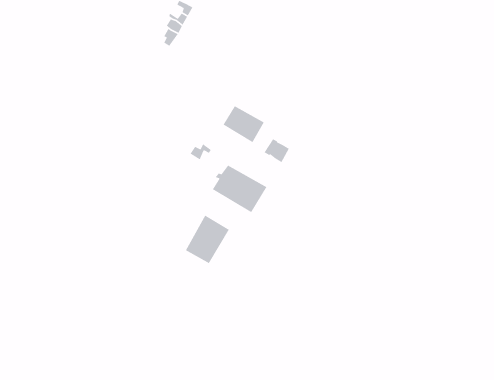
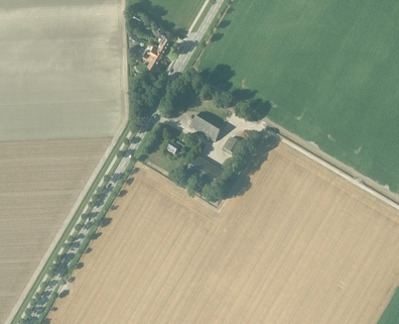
building: [185,215,230,264] -> none

